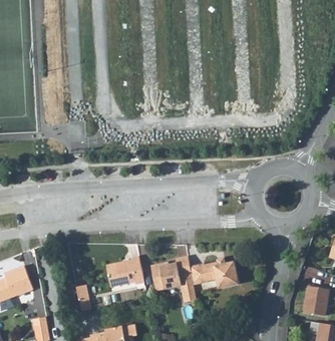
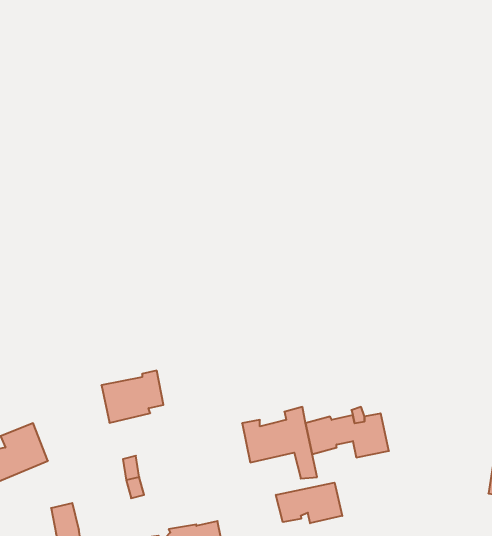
building: [104,258,142,290] -> [101,371,163,423]
building: none -> [276,483,342,523]

